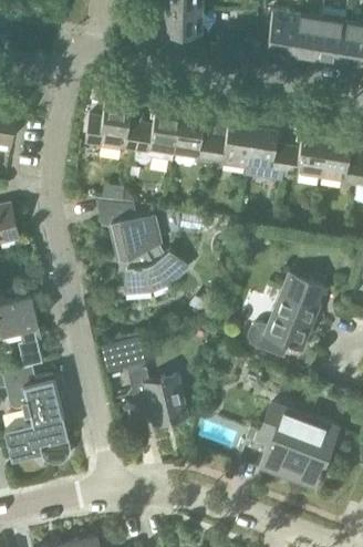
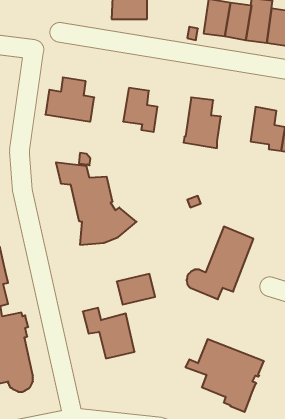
building: [134,109,180,165] -> none
building: [209,121,252,169] -> none
building: [282,132,326,177] -> none
building: [101,337,145,372] -> [117,274,155,305]

